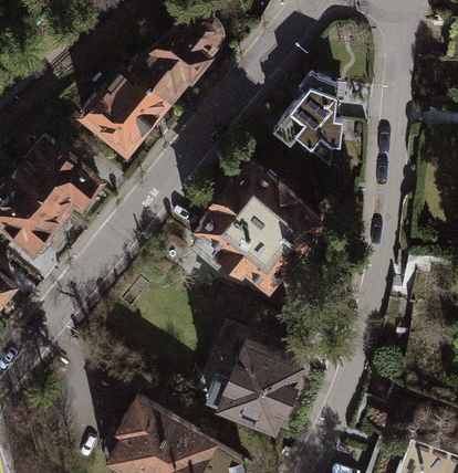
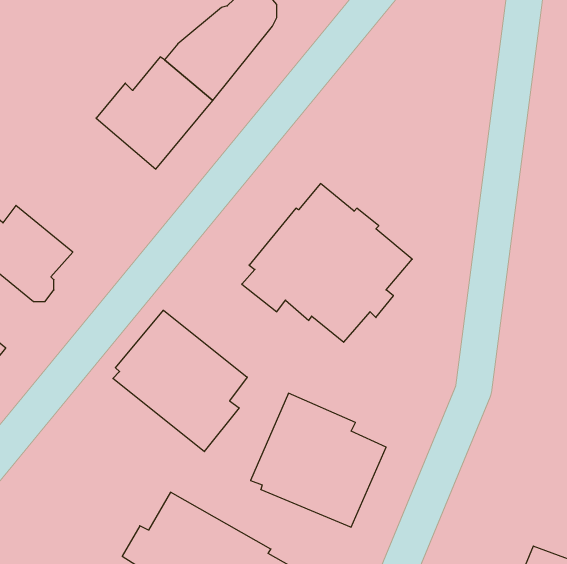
building: [272,74,341,165] -> none
building: [13,140,97,218] -> none
building: none -> [113,310,247,452]

